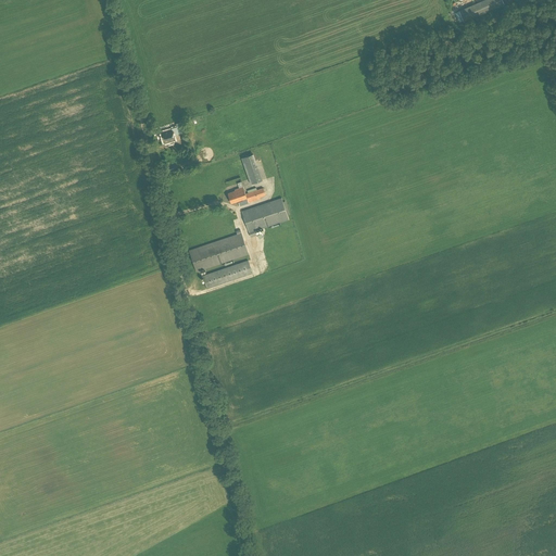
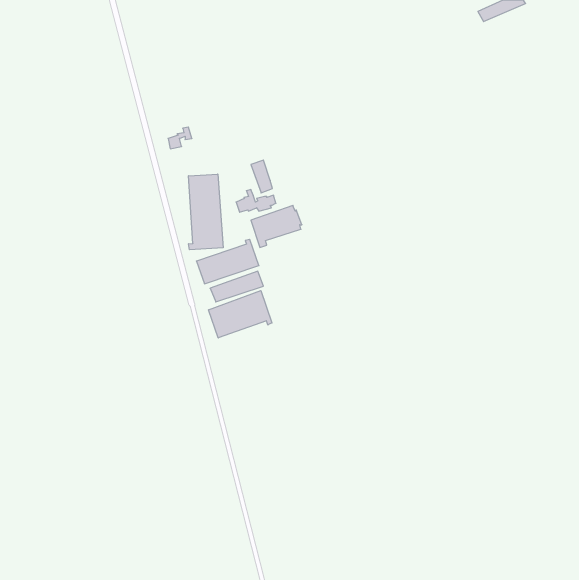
building: none -> [189,174,223,250]
building: none -> [209,291,272,338]

